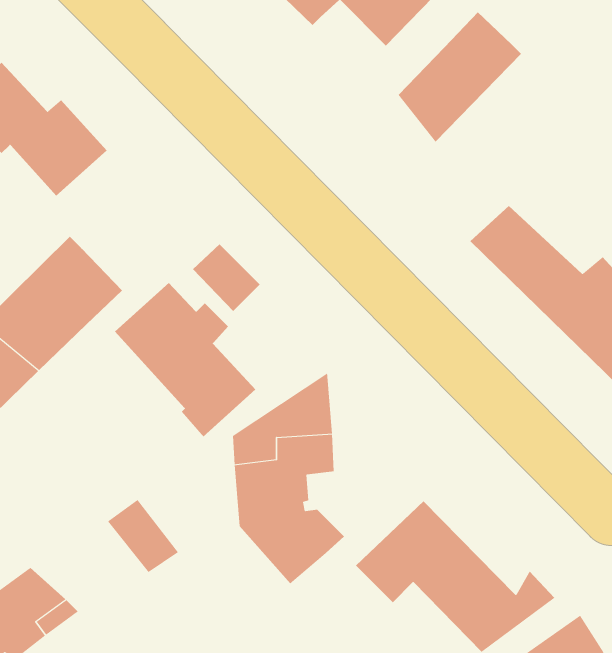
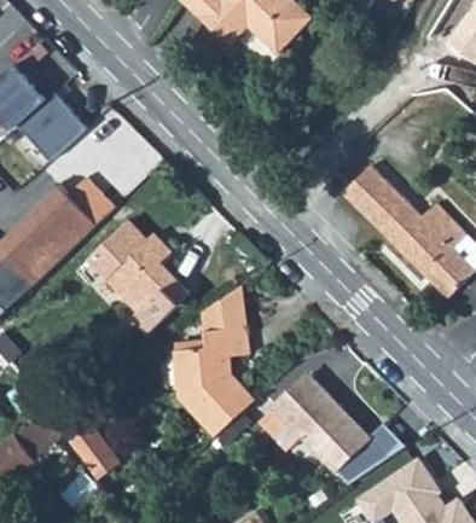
building: [398,11,522,142] -> none
building: [192,244,261,312] -> [65,179,114,227]
building: [107,499,179,573] -> [68,425,118,477]

